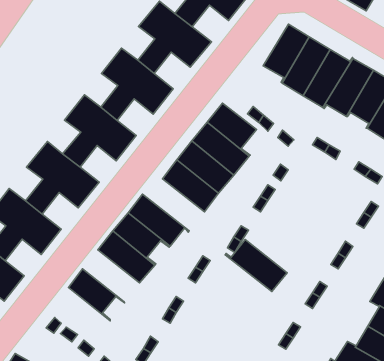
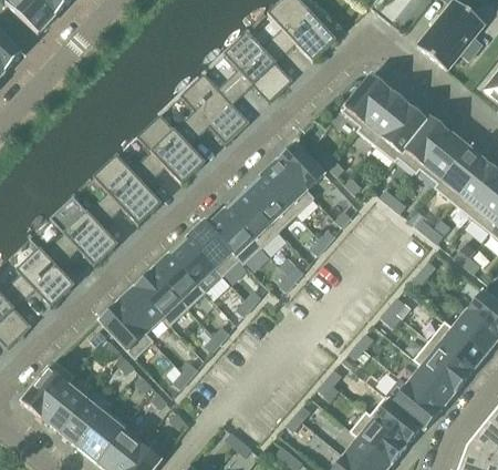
building: [225,239,287,292] -> [204,208,262,264]
building: none -> [134,269,188,325]
building: none -> [98,303,154,359]

